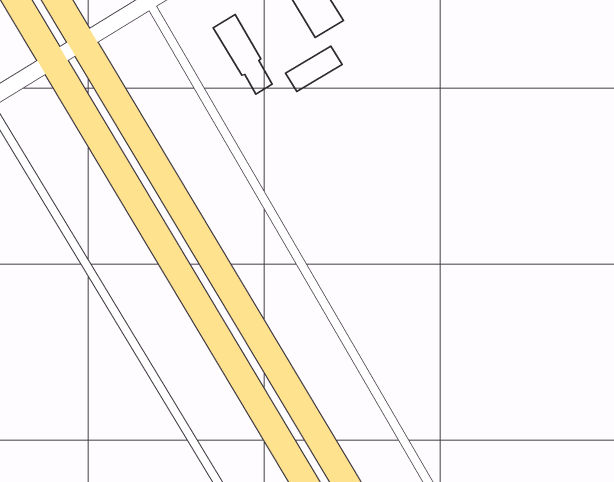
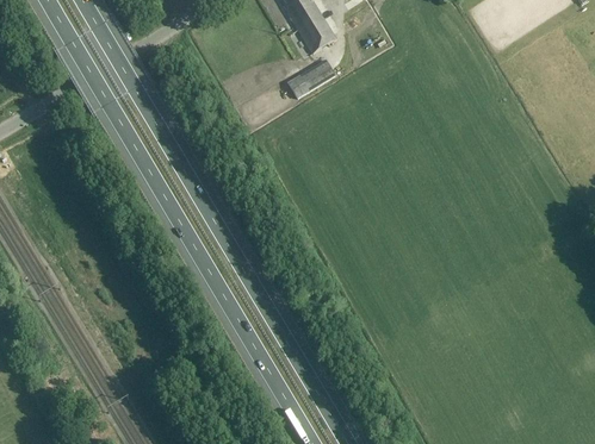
building: [213,15,272,94] -> none

